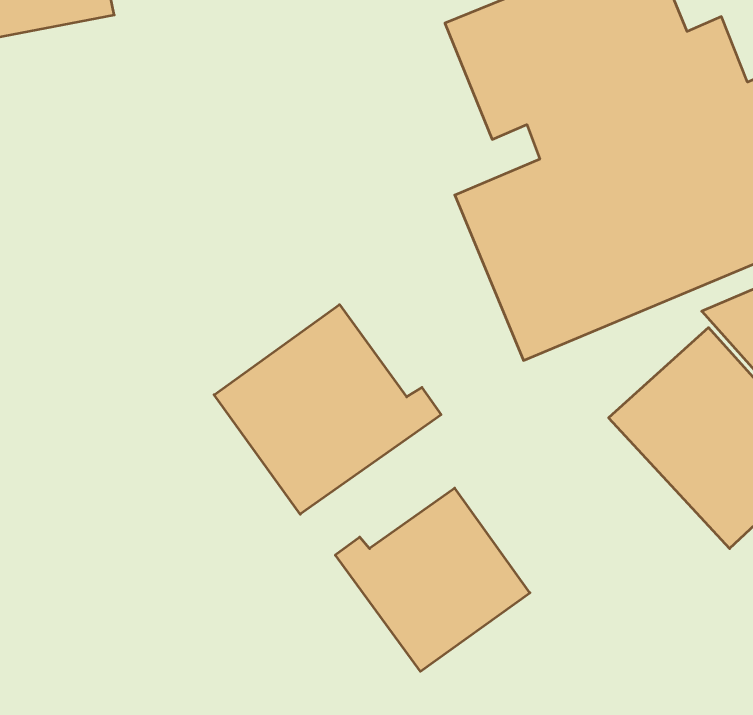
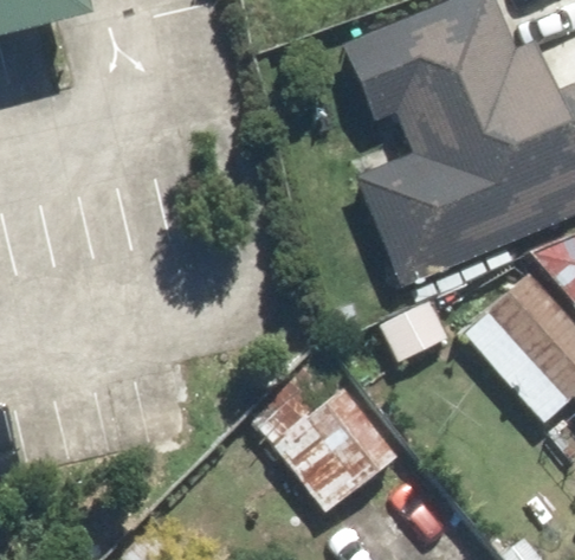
building: [214,305,441,514] -> none

